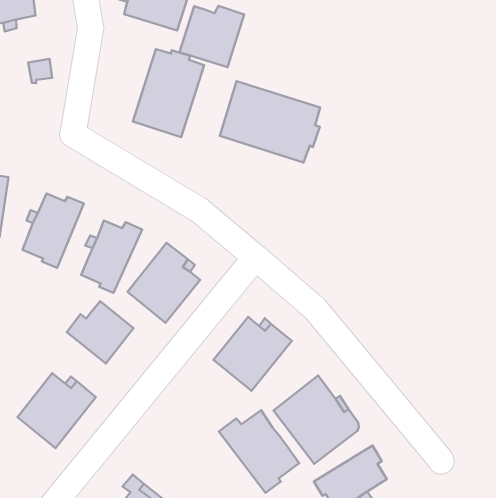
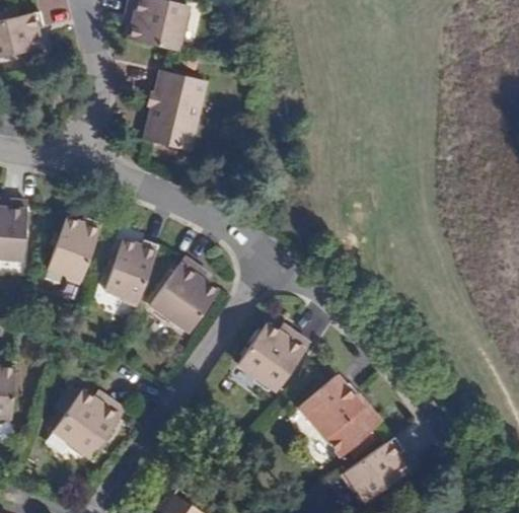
building: [179,6,244,67] -> none
building: [220,81,320,162] -> none
building: [67,301,134,364] -> none
building: [219,410,299,493] -> none

